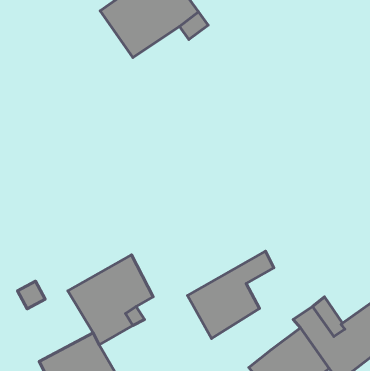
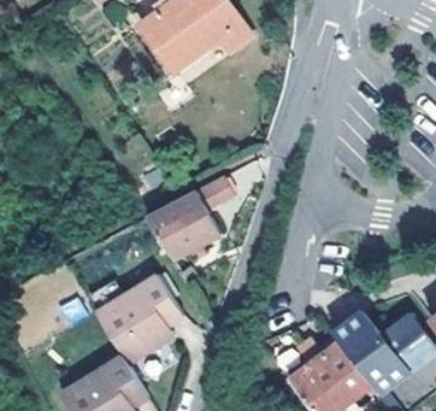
building: [188,251,274,339] -> [145,170,231,258]

